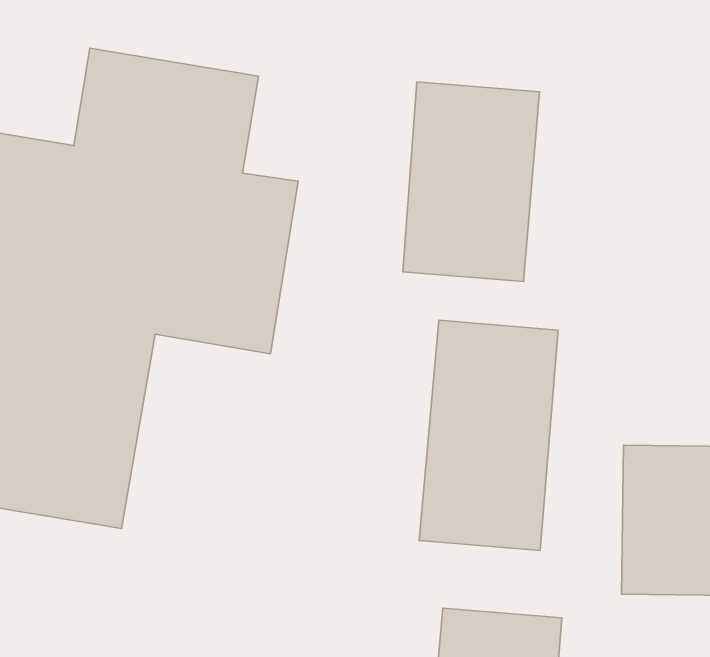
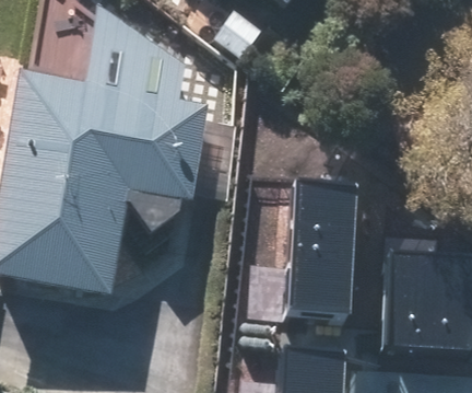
building: [403,82,539,282] -> none

